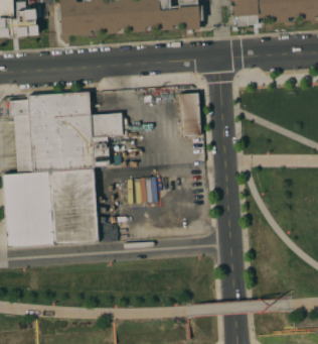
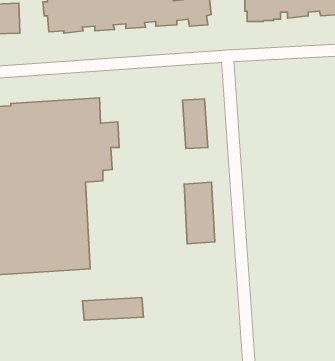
building: none -> [184,182,215,244]
building: none -> [83,298,143,320]

